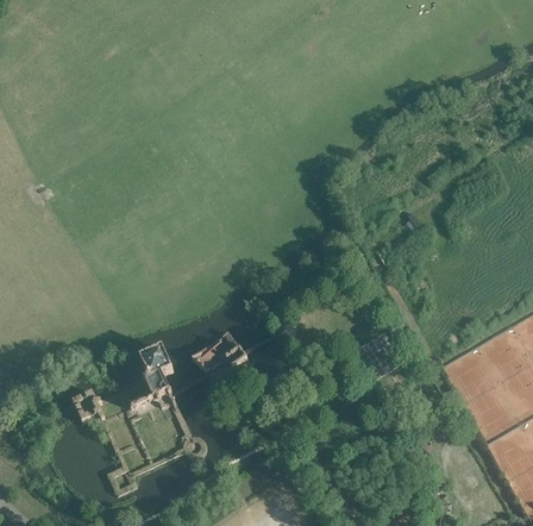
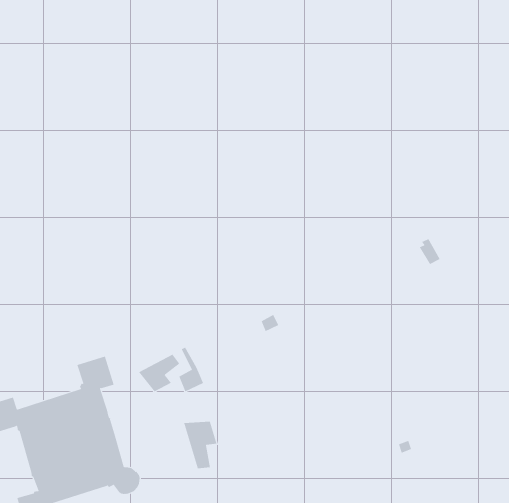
building: none -> [183,421,217,469]

